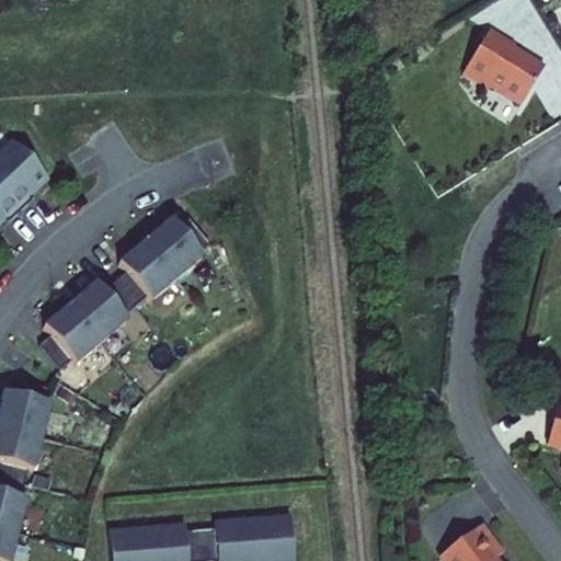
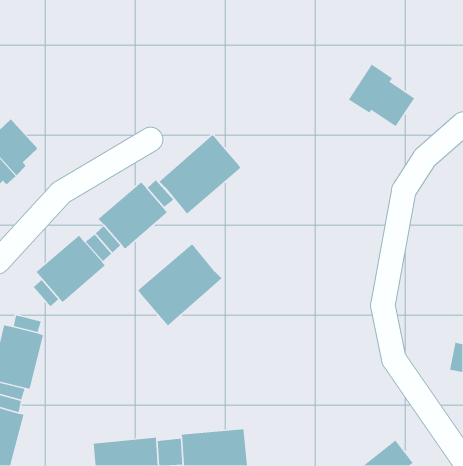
building: [460,26,541,103] -> [348,63,415,127]
building: none -> [158,134,241,214]
building: none -> [137,243,223,327]

